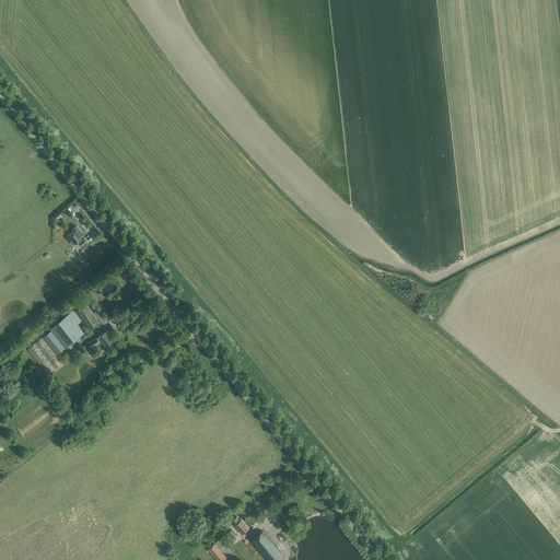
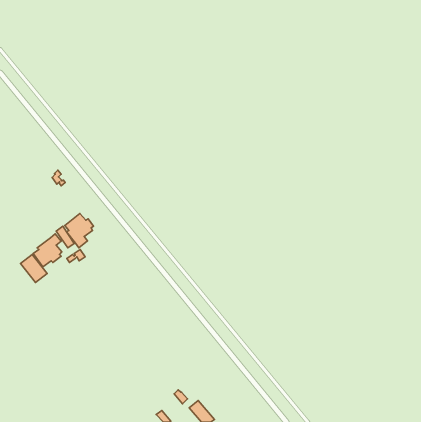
building: none -> [65,214,94,248]

